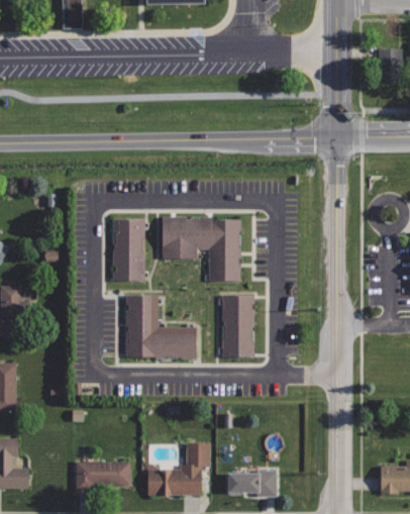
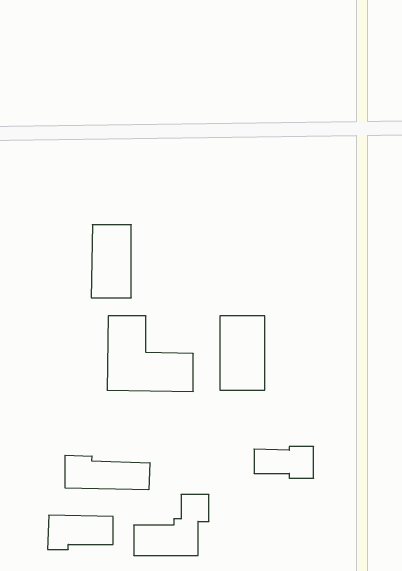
building: [161,218,241,281] -> none
building: none -> [65,455,150,490]
building: [227,471,277,497] -> [254,447,314,478]

